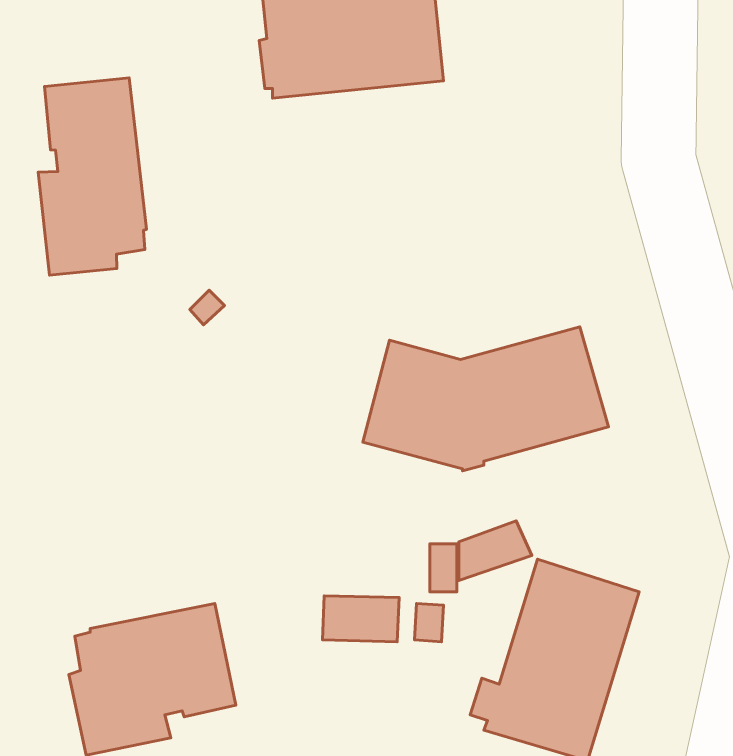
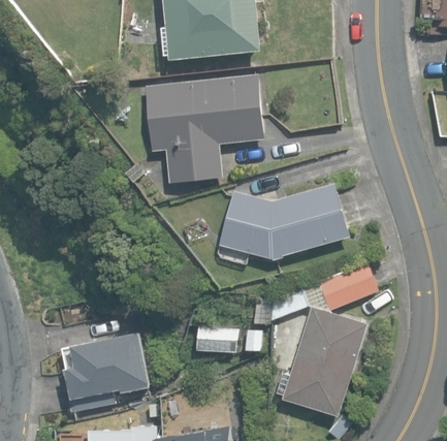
building: [38,78,146,275] -> none
building: none -> [143,74,263,183]
building: none -> [316,262,376,310]

